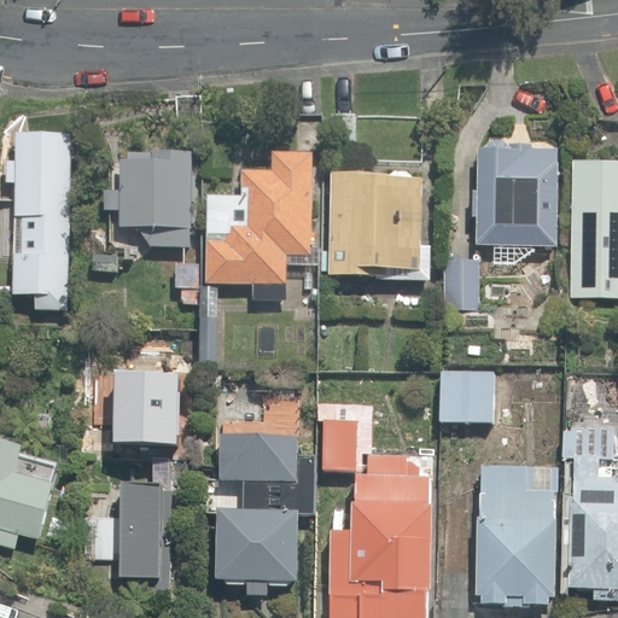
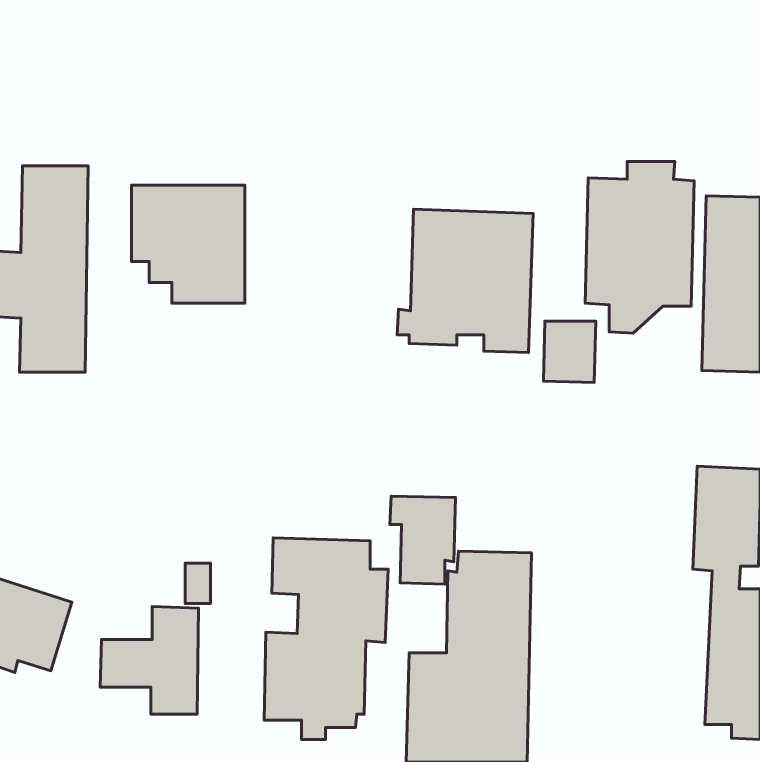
building: [206,151,317,284] -> none
building: [437,371,491,425] -> none
building: [113,380,191,450] -> none
building: [476,462,553,605] -> none

